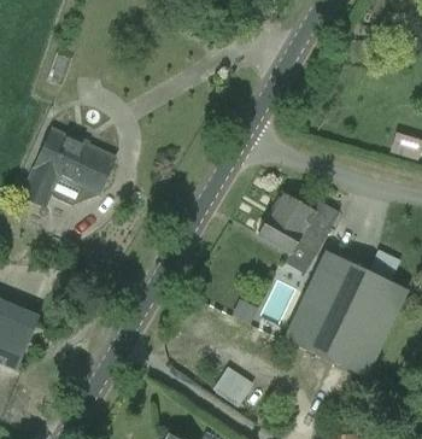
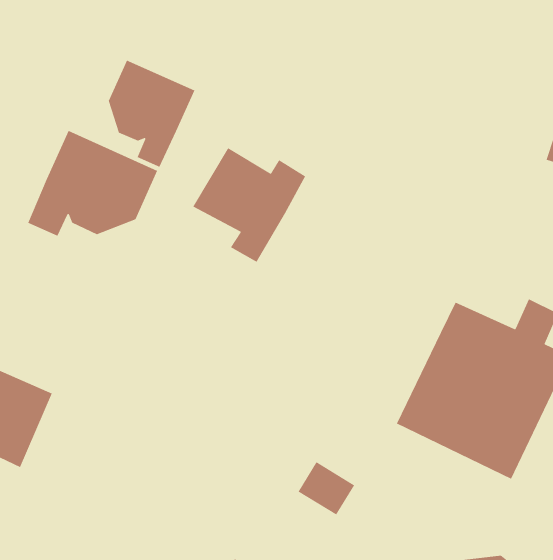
building: none -> [108,60,195,168]
building: [258,192,339,274] -> [192,147,306,263]

